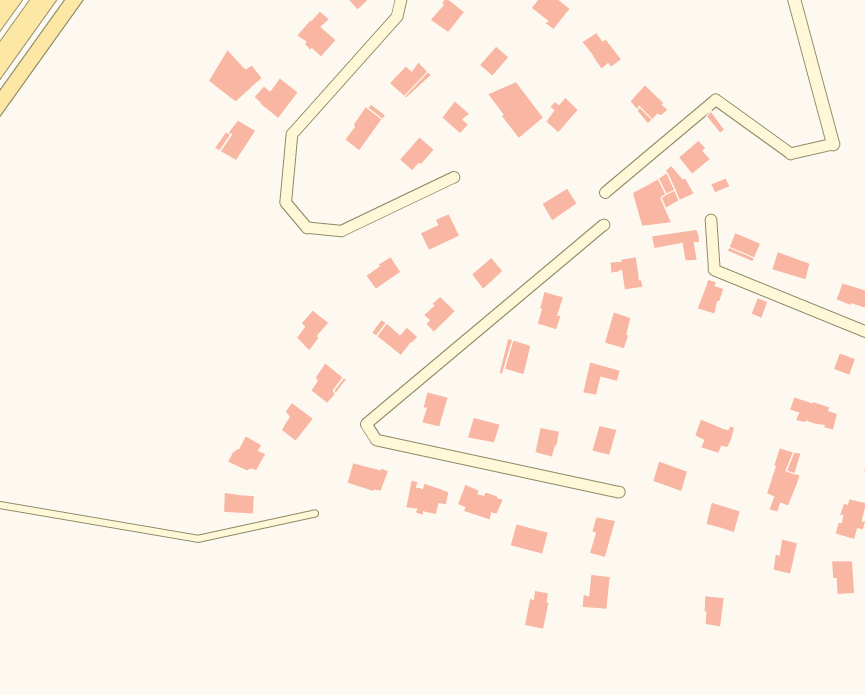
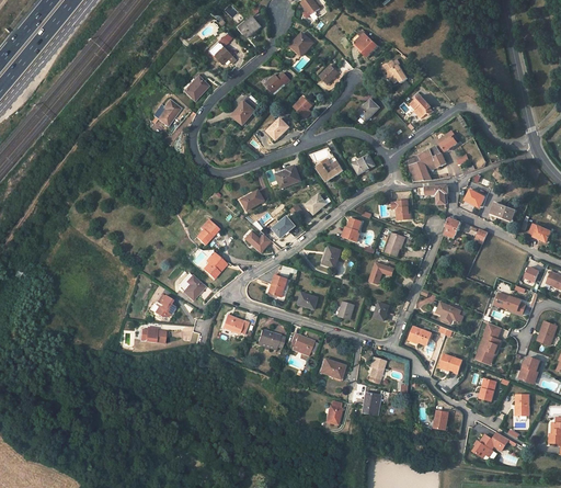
building: [208,49,263,102] -> none
building: [487,82,544,139] -> [309,147,343,182]
building: none -> [472,432,508,458]

